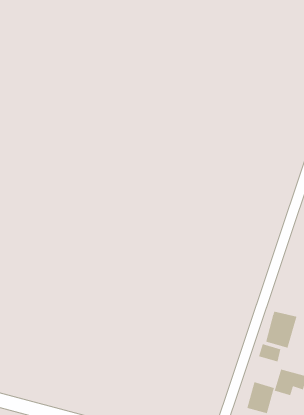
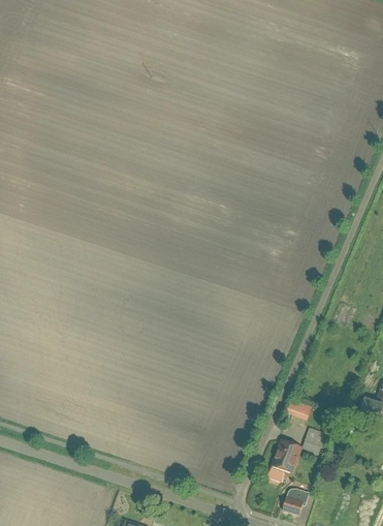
building: [265,311,297,348] -> none

